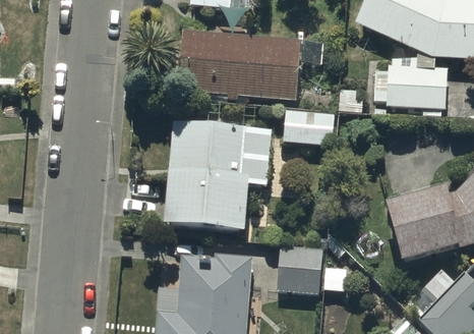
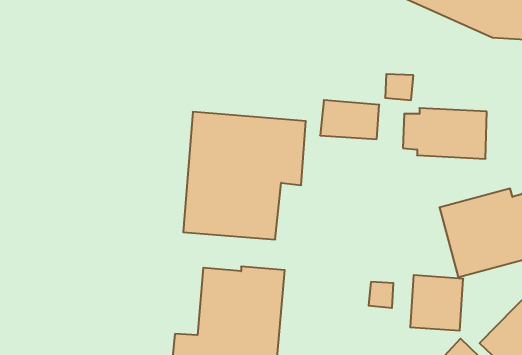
building: [178,29,301,98] -> none
building: [374,64,447,108] -> [403,108,487,159]
building: [277,244,322,292] -> [410,275,463,331]

